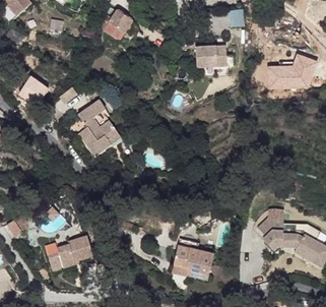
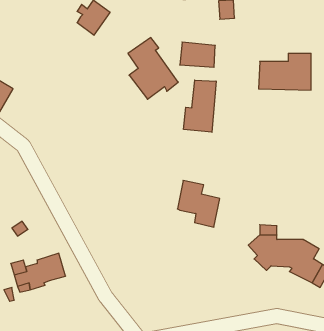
building: none -> [184,80,216,132]
building: [78,100,123,155] -> [128,38,178,99]
building: [174,238,211,280] -> [177,180,220,227]

